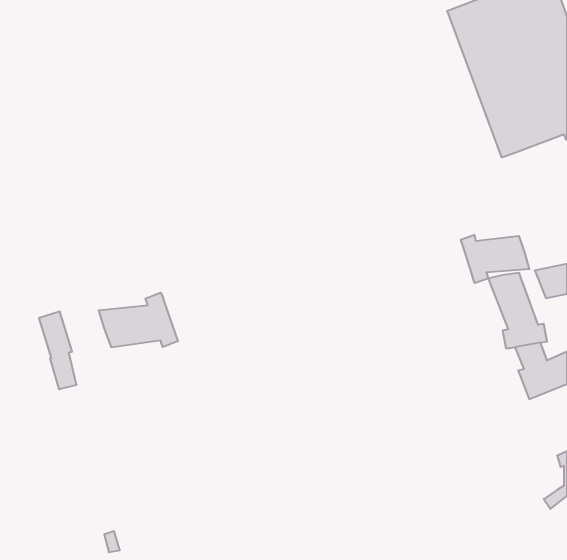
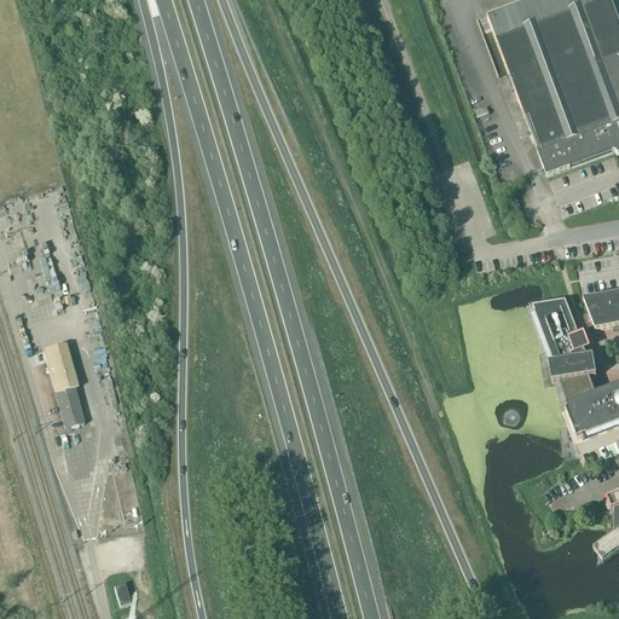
building: [461,235,529,283] -> none
building: [99,293,178,347] -> none

